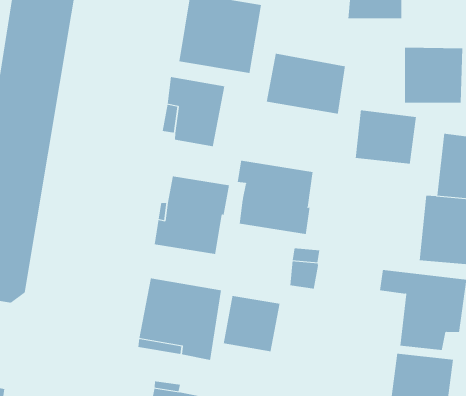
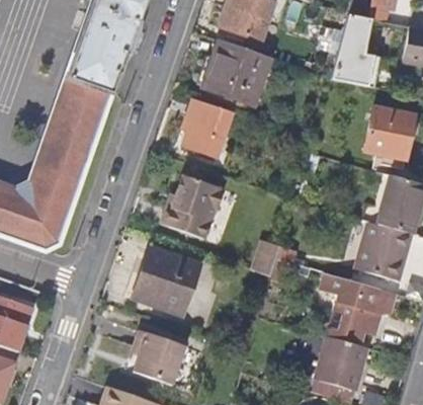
building: [266,53,346,114] -> none
building: [355,109,417,164] -> none
building: [237,160,313,235] -> none
building: [223,295,280,352] -> none

